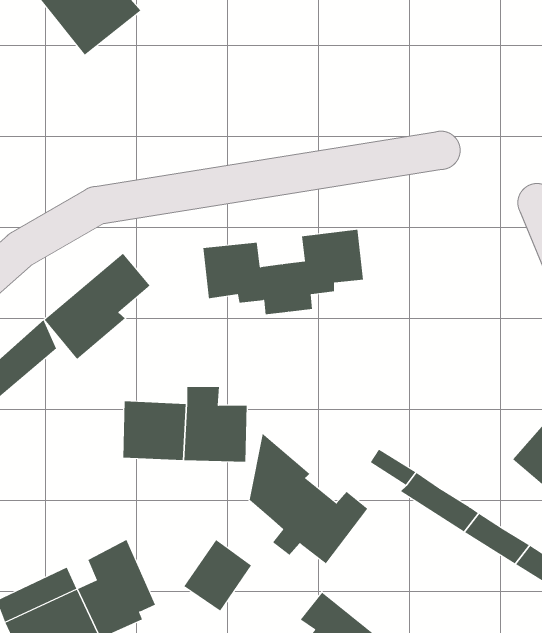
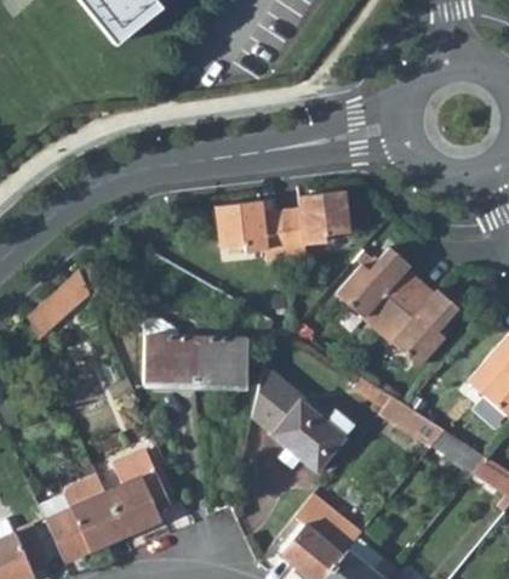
building: [44,253,150,360] -> none
building: none -> [338,249,459,368]
building: [184,539,252,611] -> none

